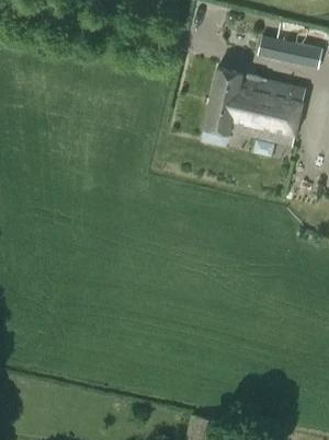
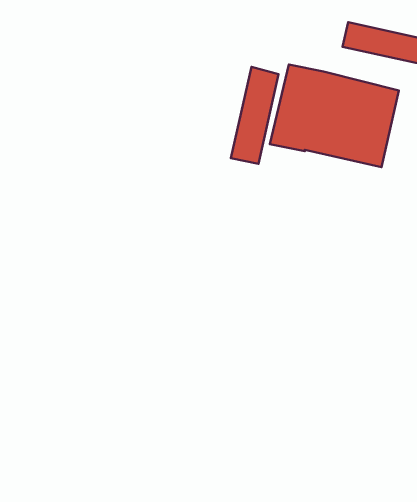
building: none -> [231,67,279,164]

